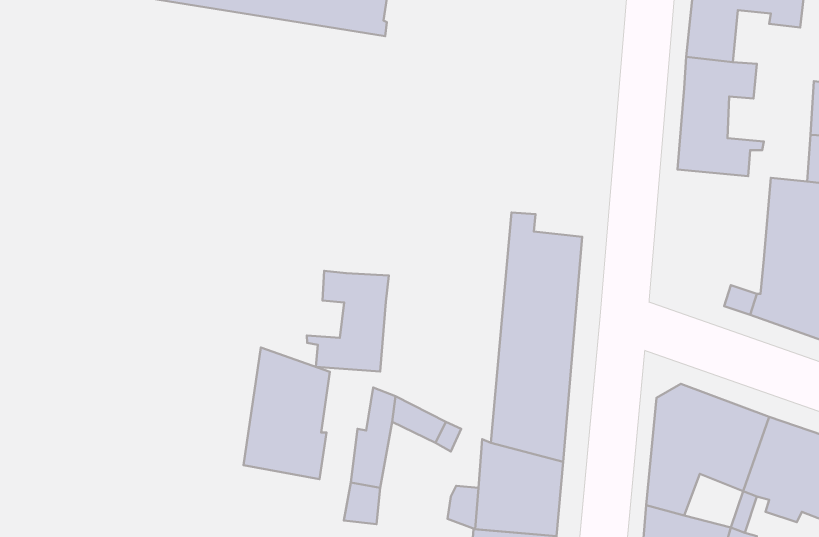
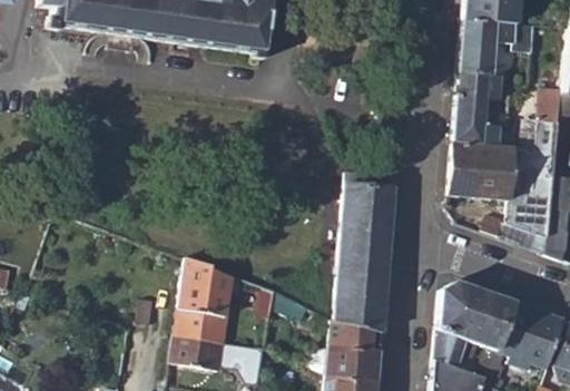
building: none -> [450,143,515,201]
building: [307,271,389,371] -> none
building: none -> [170,333,225,370]

